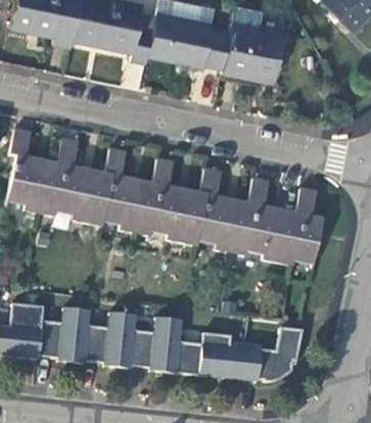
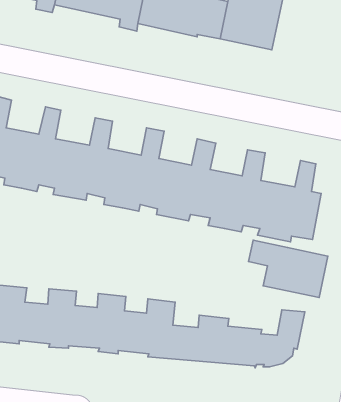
building: none -> [249,240,328,298]

